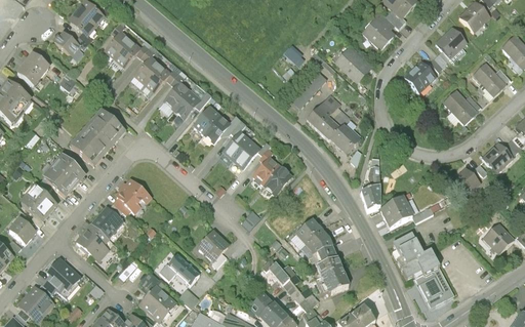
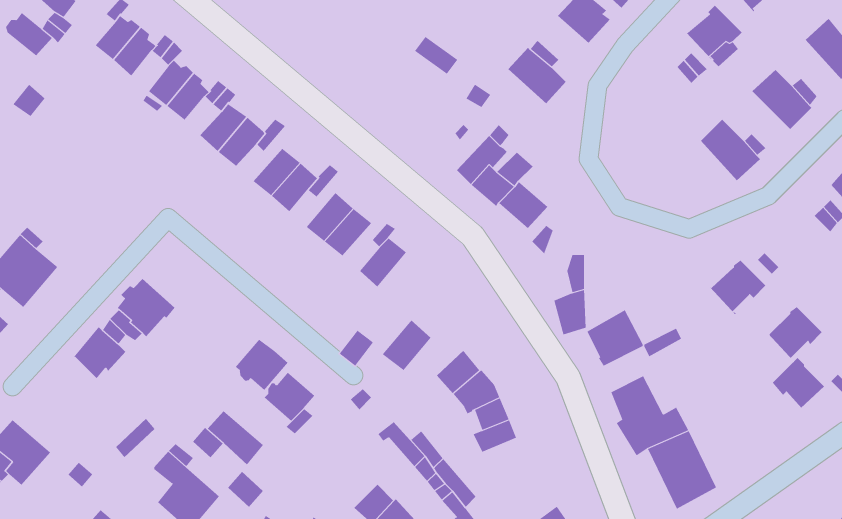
building: [404,60,435,91] -> none
building: [71,110,125,165] -> none
building: [482,144,513,174] -> [767,306,823,362]
building: [262,165,290,194] -> [382,319,431,371]
building: none -> [235,339,289,391]
building: [76,223,108,256] -> none
building: [320,269,348,295] -> none

